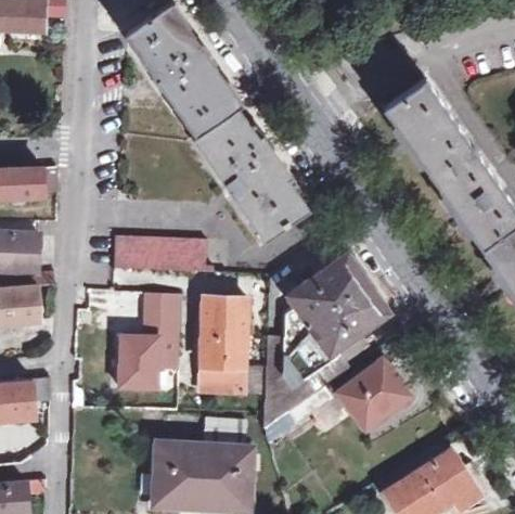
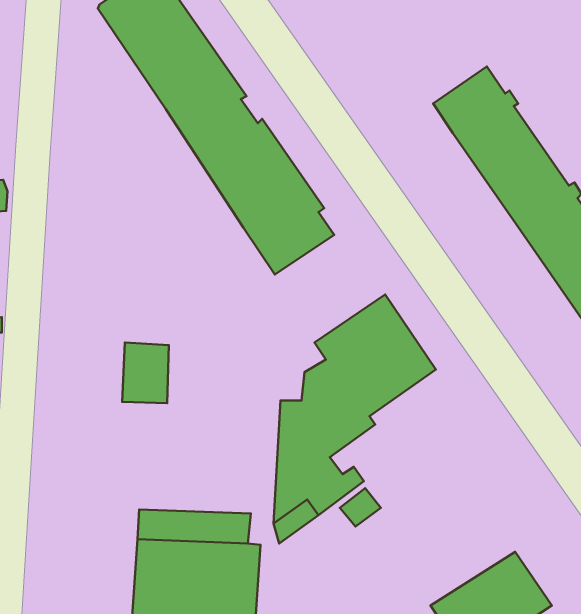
building: [113,237,214,274] -> none
building: [201,297,247,391] -> none
building: [119,336,180,389] -> none
building: [338,362,410,427] -> none

